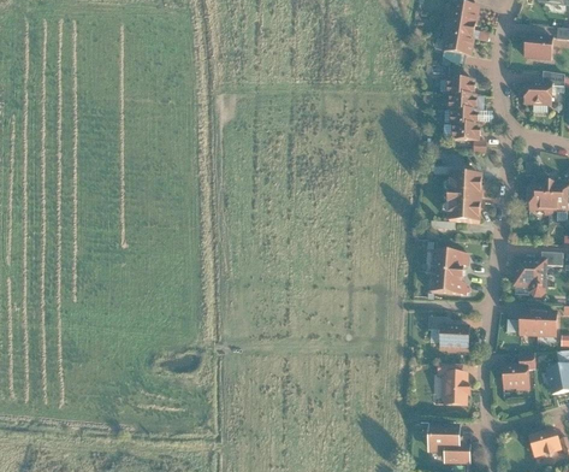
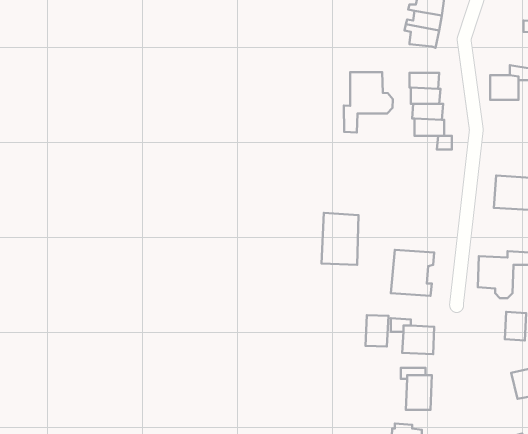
building: [526,36,555,61] -> none
building: none -> [344,72,393,133]
building: [448,172,484,223] -> [321,213,359,265]
building: [518,311,540,338] -> none
building: none -> [365,315,388,347]
building: [502,354,537,391] -> none

